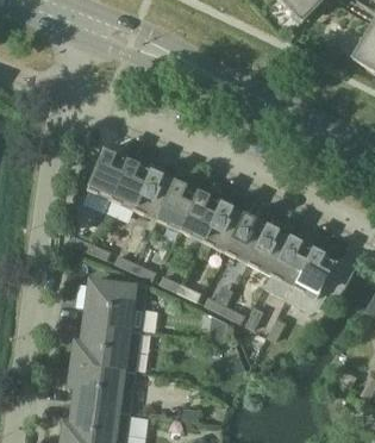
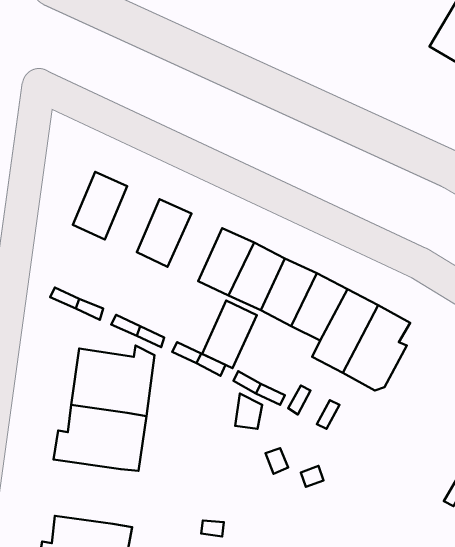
building: [111,160,151,208] -> none
building: [157,180,198,230] -> [202,301,257,368]
building: [70,362,136,412] -> none

